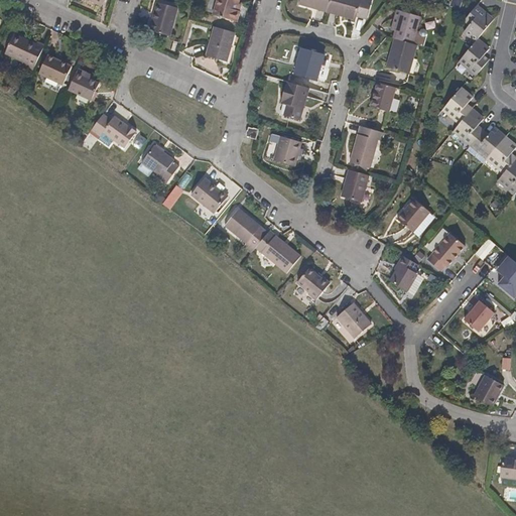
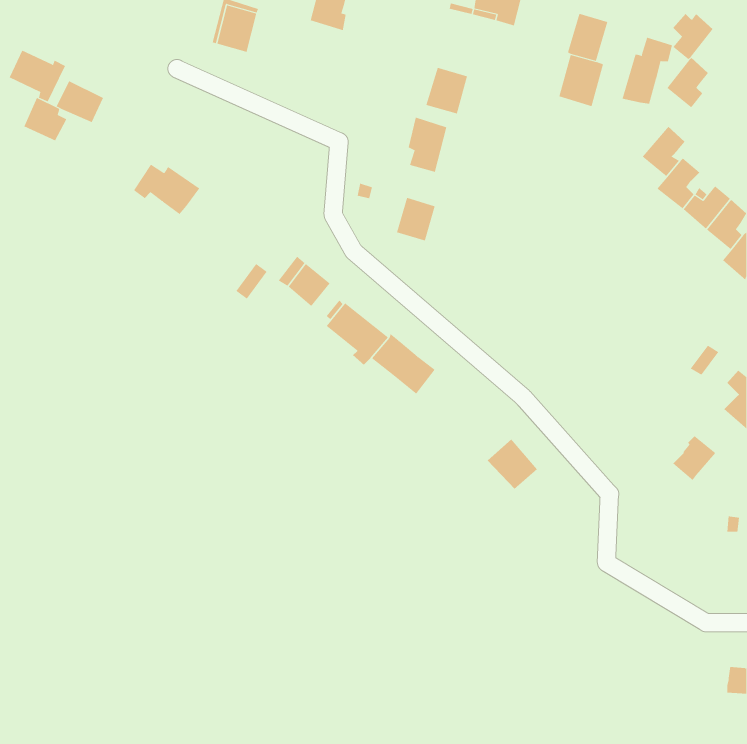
building: [207,25,235,61] -> none
building: none -> [622,37,673,105]
building: [69,70,99,100] -> [23,97,67,141]
building: [370,81,394,111] -> none
building: [349,125,380,167] -> none
building: [141,144,179,183] -> none
building: [341,170,369,202] -> none
building: [397,200,429,232] -> none
building: [428,233,466,271] -> none
building: [390,255,418,289] -> none
building: [298,267,331,298] -> none
building: [473,373,504,407] -> none

